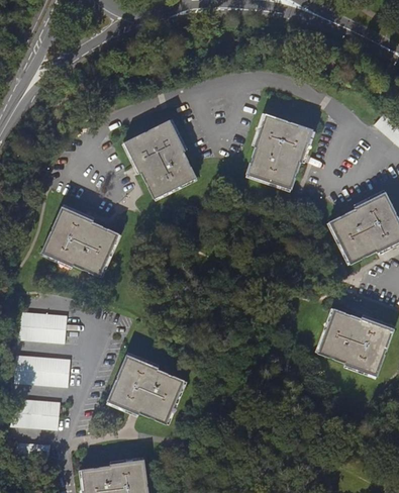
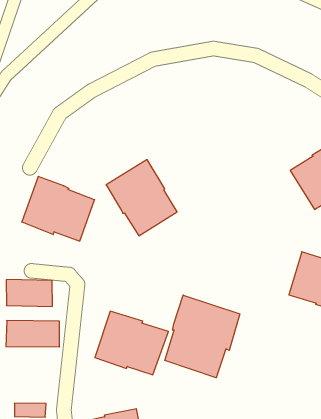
building: [245,114,313,190] -> none
building: [123,119,196,199] -> [106,160,177,236]
building: none -> [165,295,240,378]
building: [11,399,61,430] -> none

